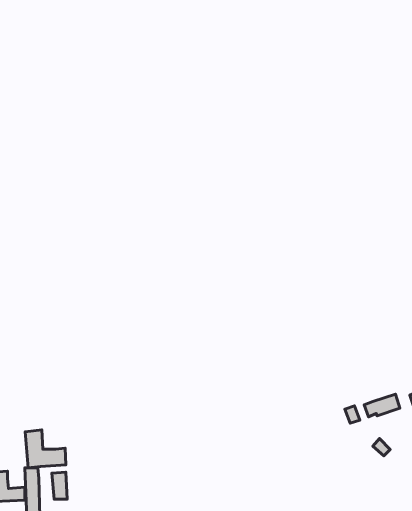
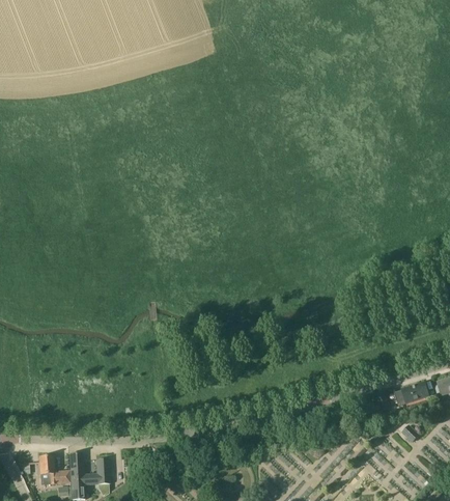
building: [25,430,66,468] -> none

